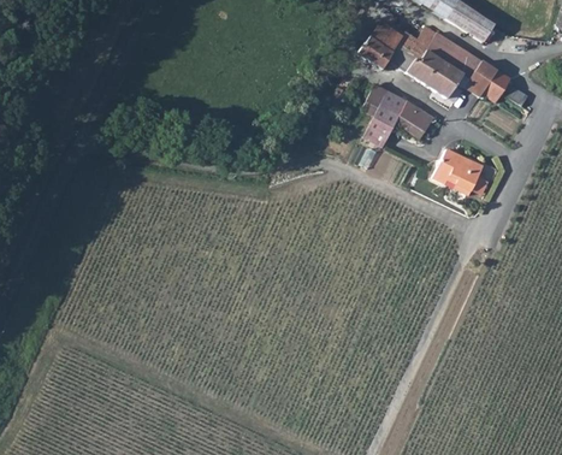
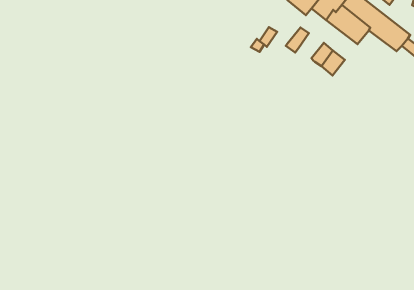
building: [363,108,397,144] -> none
building: [437,148,485,191] -> none

